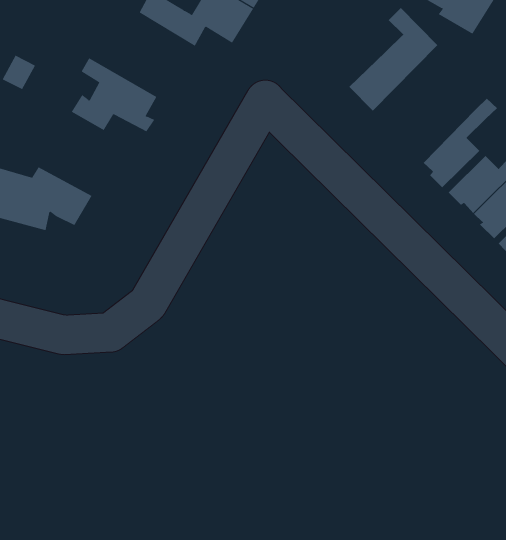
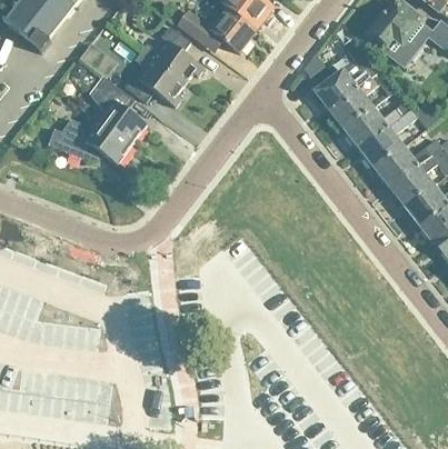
building: none -> [141,26,203,82]
building: none -> [330,70,396,127]
building: none -> [345,101,410,149]
building: none -> [90,76,147,144]

